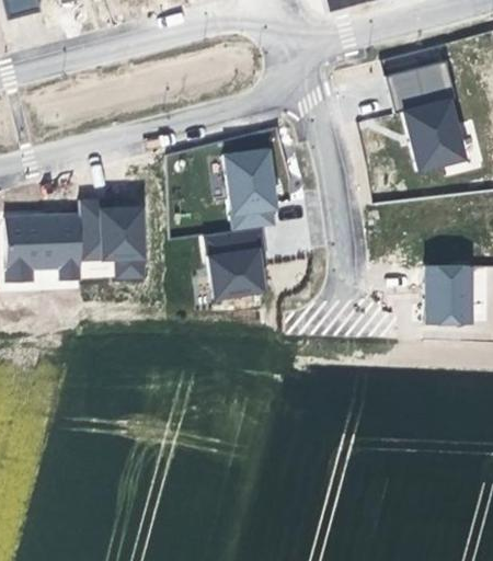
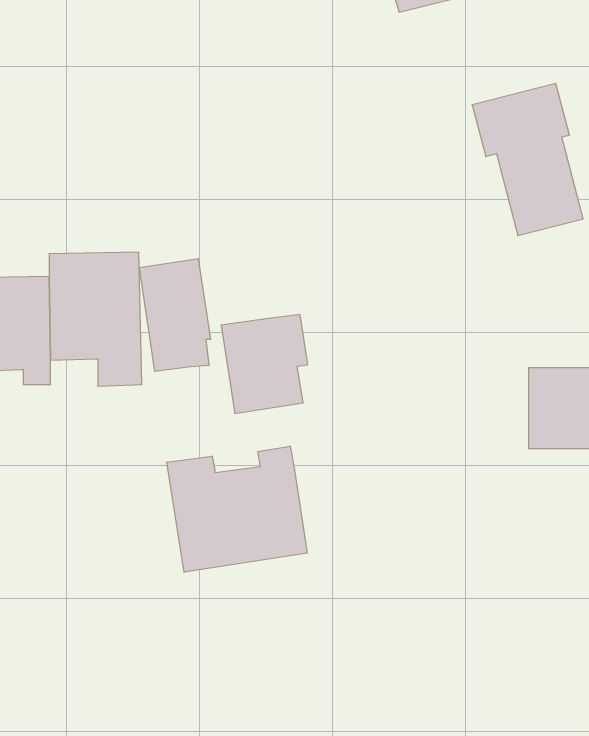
building: [225,150,276,231] -> [139,259,211,371]
building: none -> [167,446,307,572]

